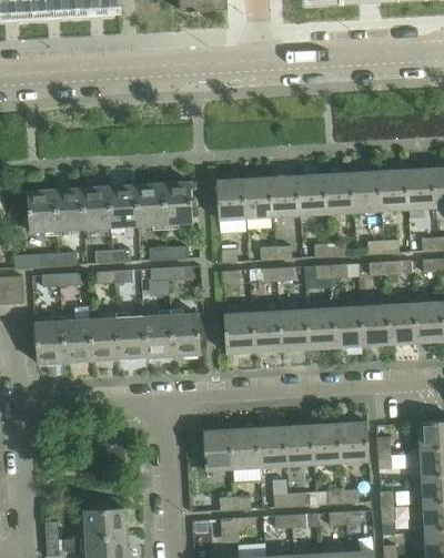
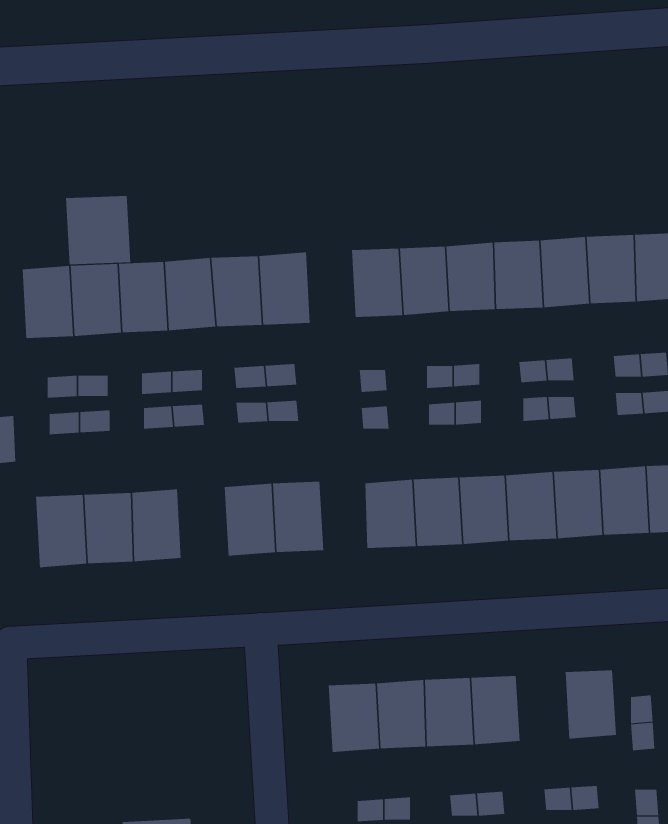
building: none -> [66,195,131,265]
building: [117,316,145,357] -> none
building: [312,423,342,463] -> none

